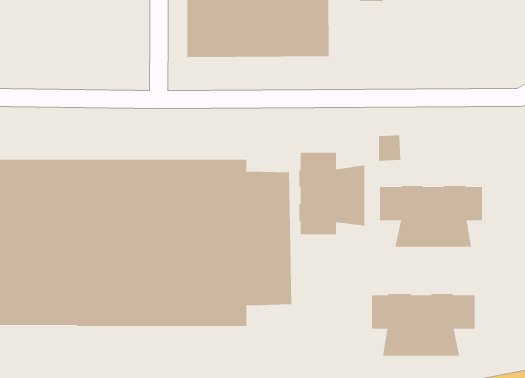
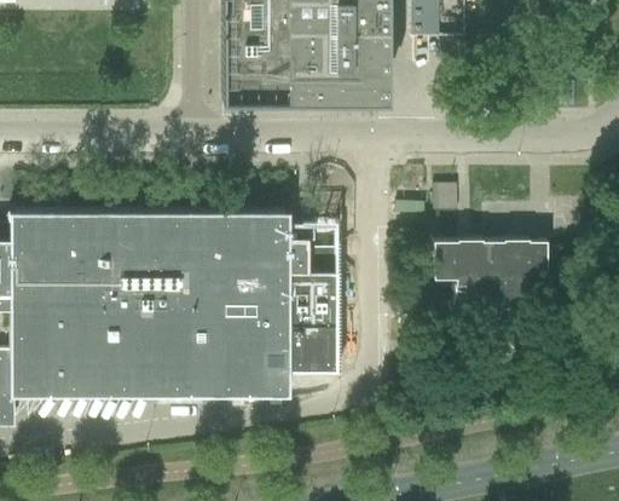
building: [299,152,365,235] -> none
building: [371,293,475,356] -> none

